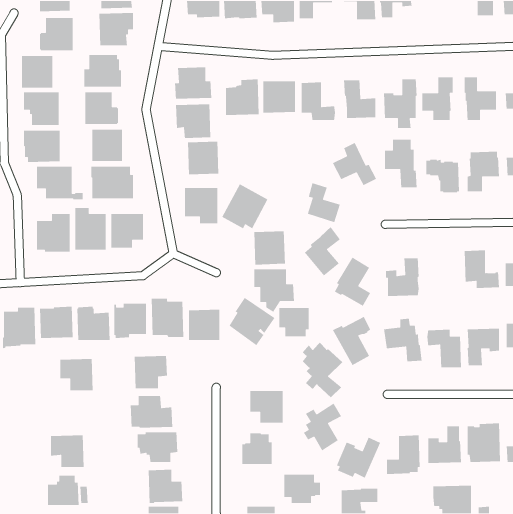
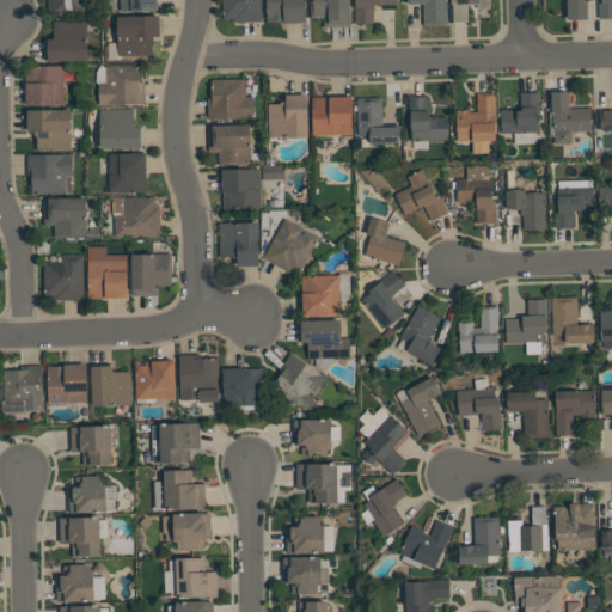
building: none -> [507,299,549,353]
building: [278,307,310,337] -> [295,420,332,455]
building: none -> [69,476,108,513]
building: [284,474,321,504] -> [284,557,329,593]

